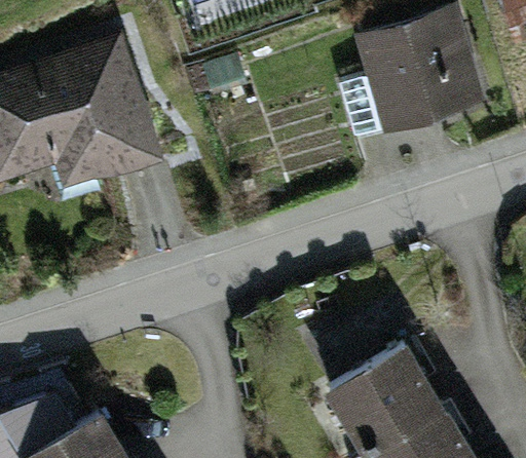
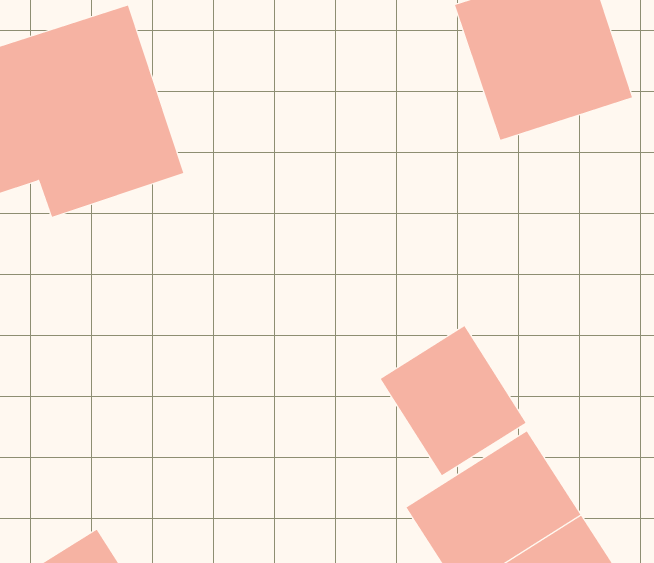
building: none -> [380,325,527,476]

